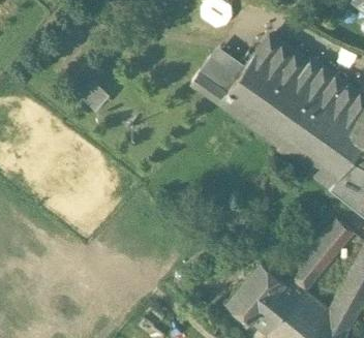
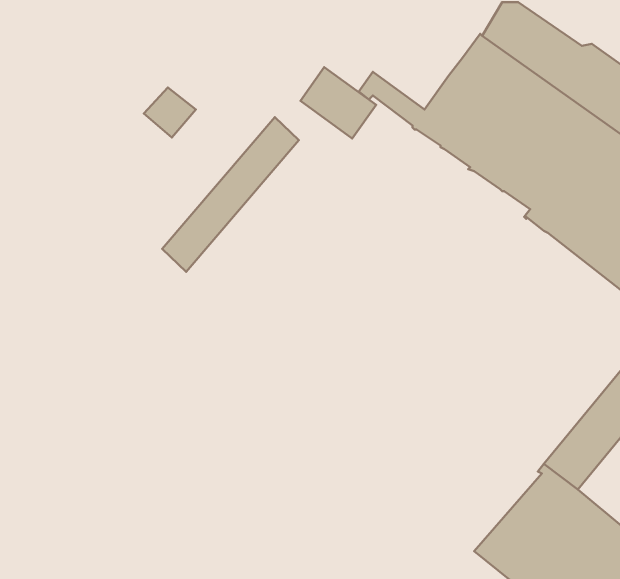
building: [200,56,239,93] -> [300,67,376,139]
building: none -> [162,117,299,272]
building: [228,262,287,322] -> none

